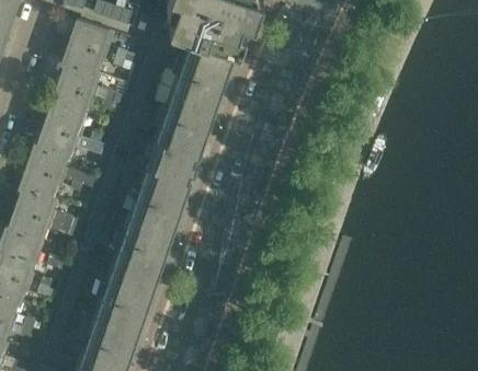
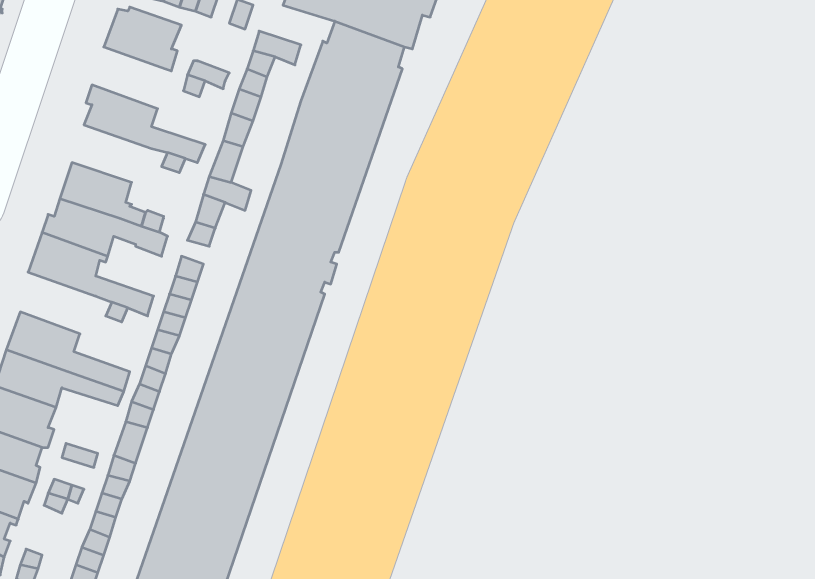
building: [61,45,105,79] -> none
building: [50,88,94,119] -> none
building: [19,169,64,202] -> none

